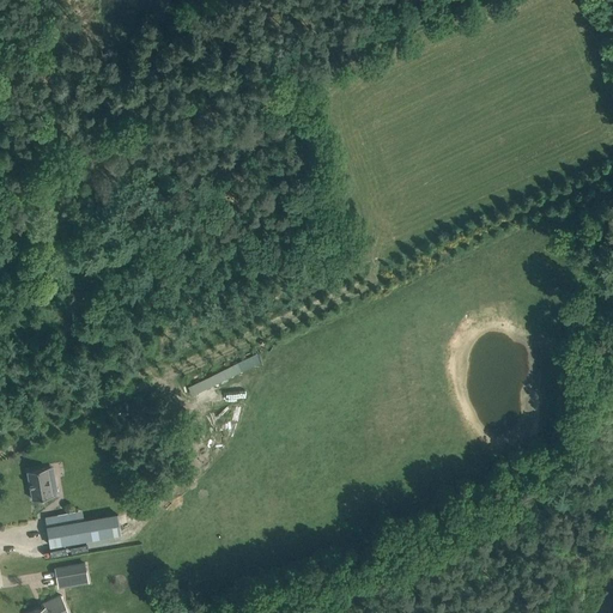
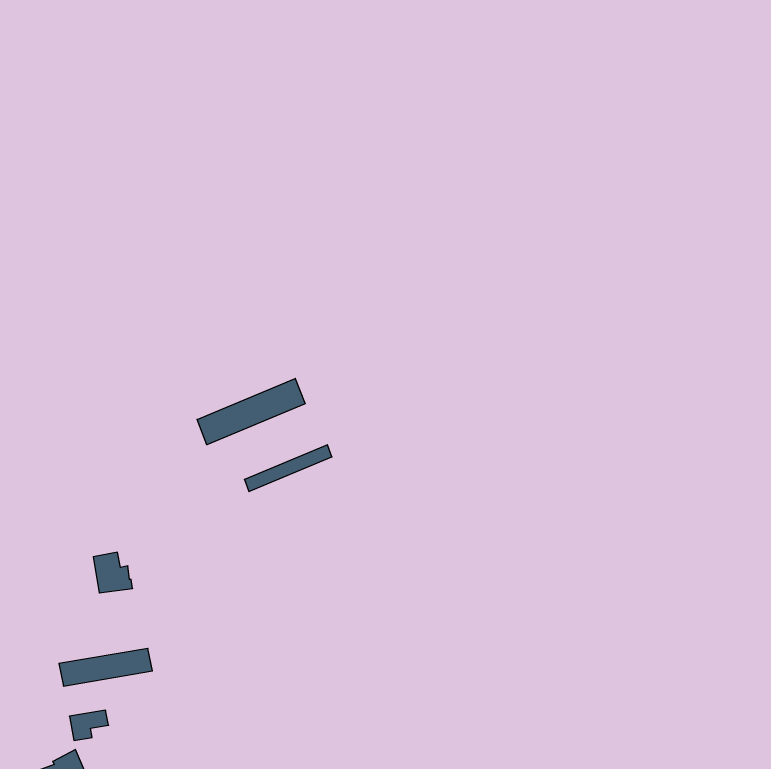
building: none -> [197,378,305,445]
building: [28,468,59,500] -> [93,552,133,593]

